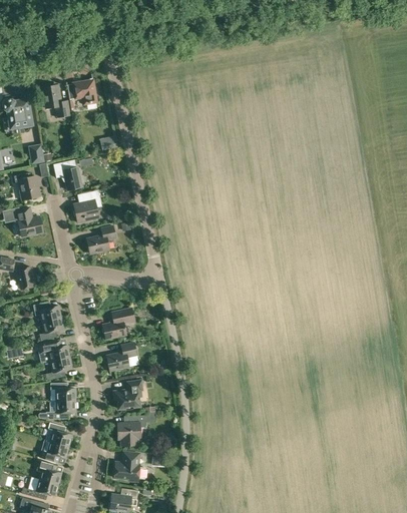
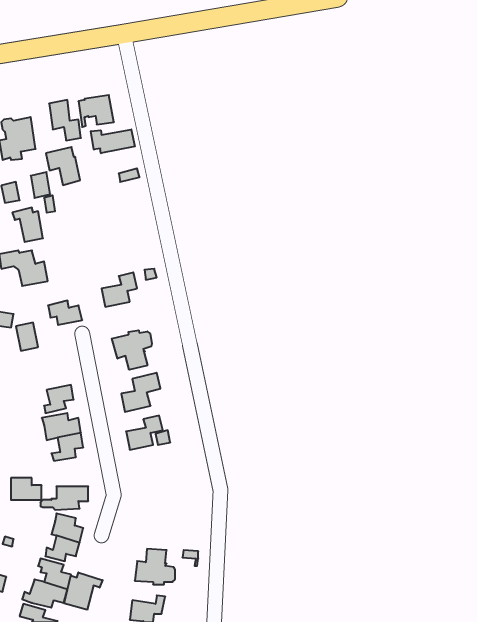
building: none -> [91,129,135,153]
building: [53,159,81,190] -> [46,147,80,185]
building: [73,190,101,222] -> none
building: none -> [112,330,152,370]
building: [33,302,61,322] -> [48,301,82,325]
building: [113,380,142,409] -> none
building: [50,383,75,401] -> [11,478,42,500]
building: [117,415,145,446] -> none
building: none -> [64,572,103,610]

